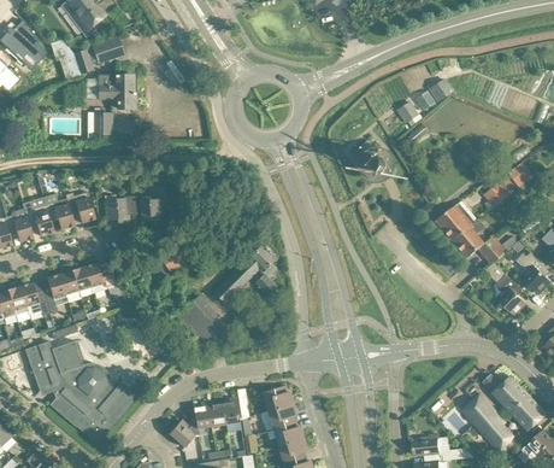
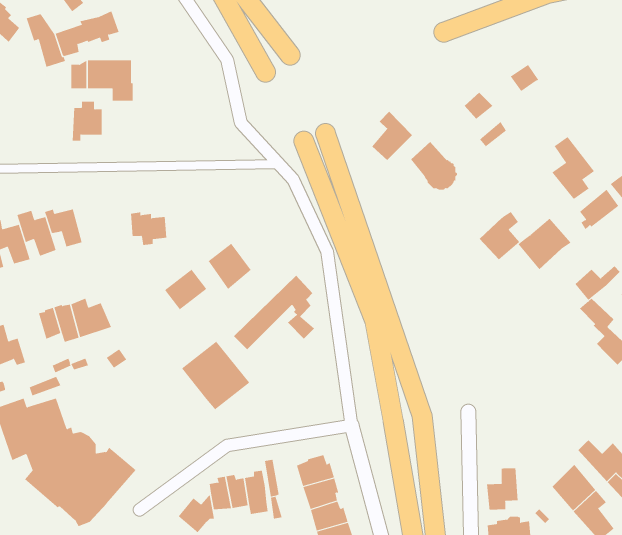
building: none -> [372,111,413,161]
building: none -> [551,136,595,200]
building: [105,194,134,222] -> none
building: [453,218,485,257] -> [479,211,520,260]
building: none -> [208,243,251,290]
building: [45,274,69,312] -> none
building: none -> [487,468,518,510]

